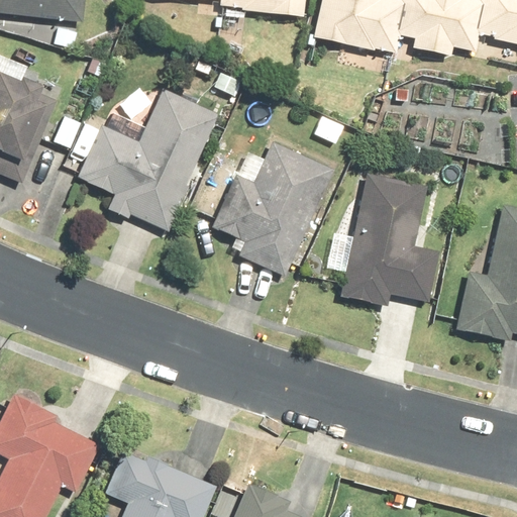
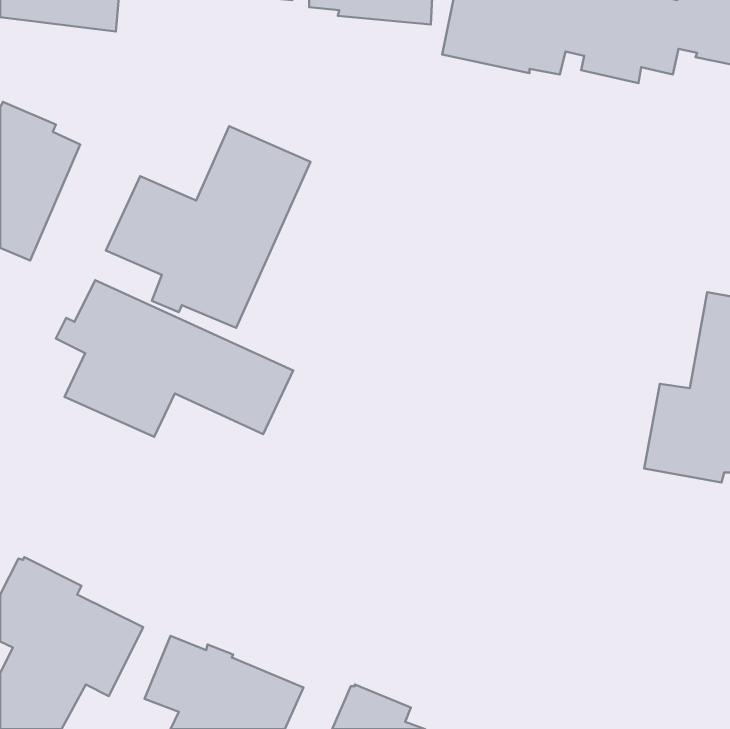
building: [210,141,333,276] -> none
building: [340,173,438,305] -> none
building: none -> [56,280,293,437]

